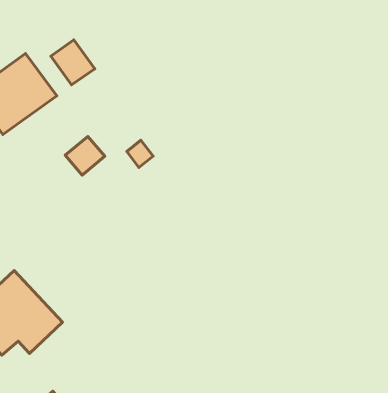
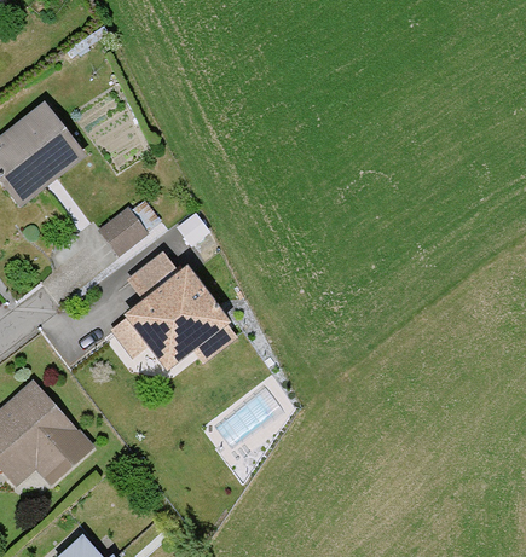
building: [51,40,95,85] -> none
building: none -> [110,254,230,369]

